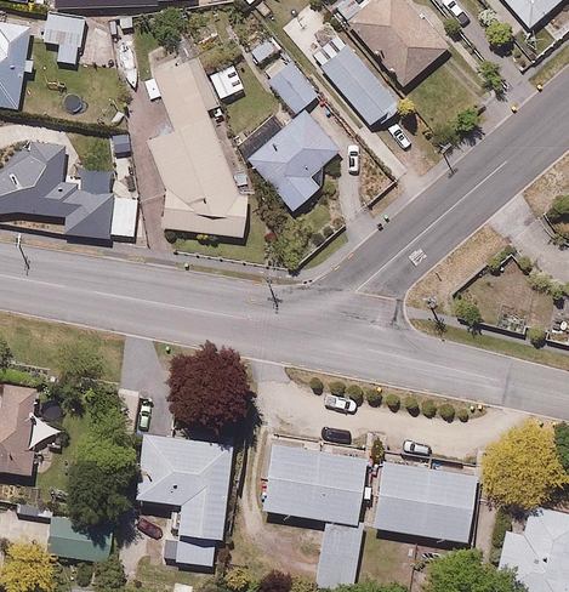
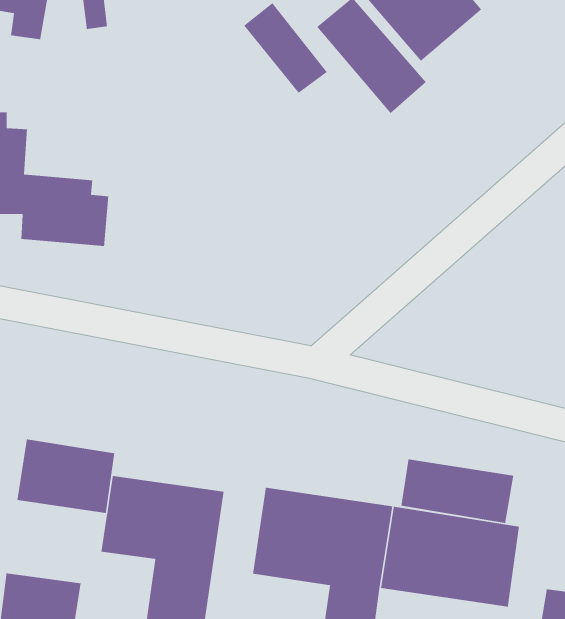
building: [147,50,249,235] -> none
building: [247,107,342,210] -> none
building: none -> [16,439,115,514]
building: none -> [401,458,514,524]

